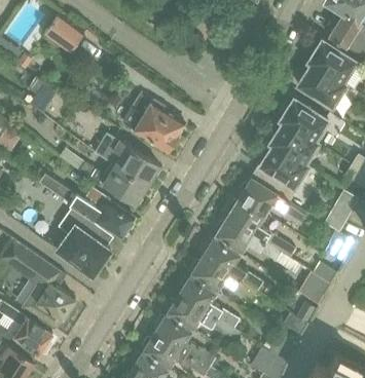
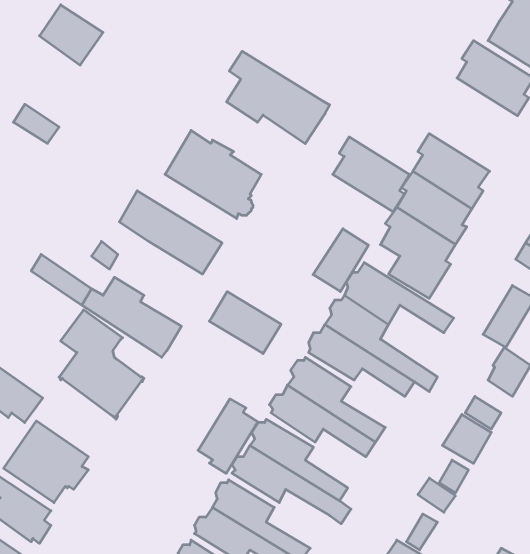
building: none -> [227,51,330,144]
building: [297,64,345,111] -> [333,137,409,212]
building: none -> [313,229,368,292]
building: [102,166,147,205] -> [209,292,281,354]
building: none -> [198,399,258,473]

